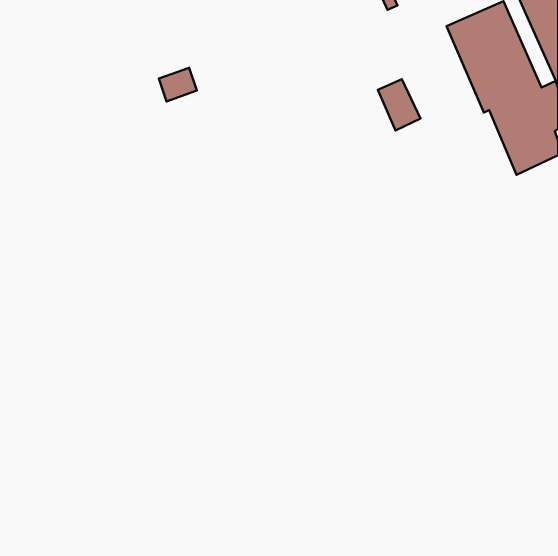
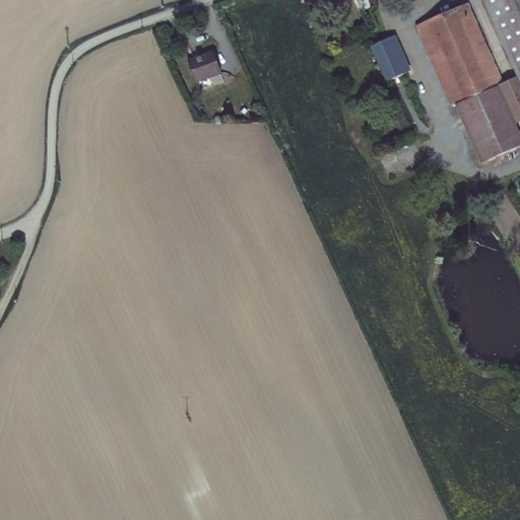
building: [159,68,197,102] -> [188,50,223,81]
building: [378,79,420,130] -> [374,32,413,80]

